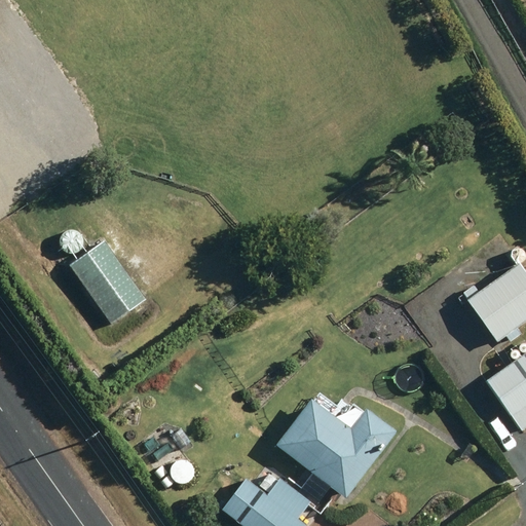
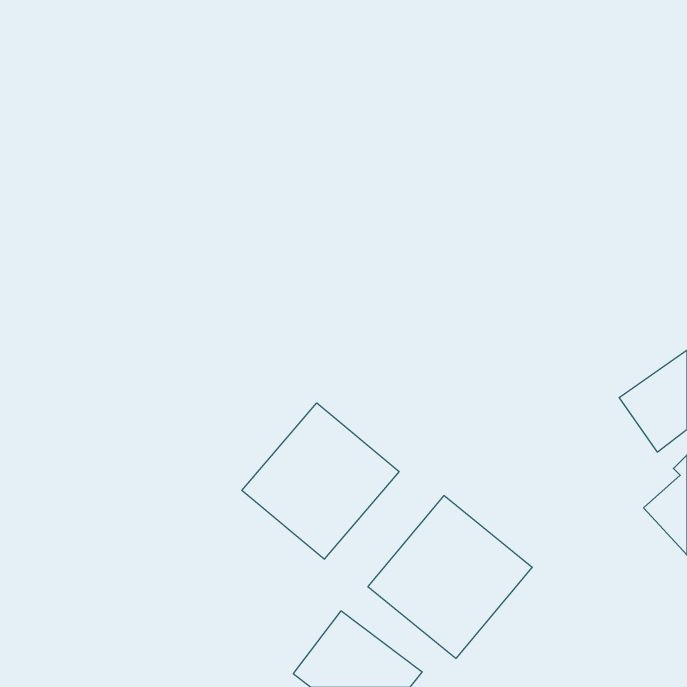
building: [71,245,141,322] -> none
building: none -> [242,403,399,559]

